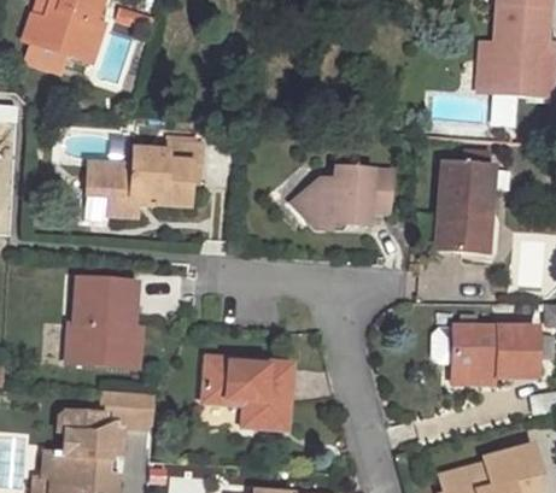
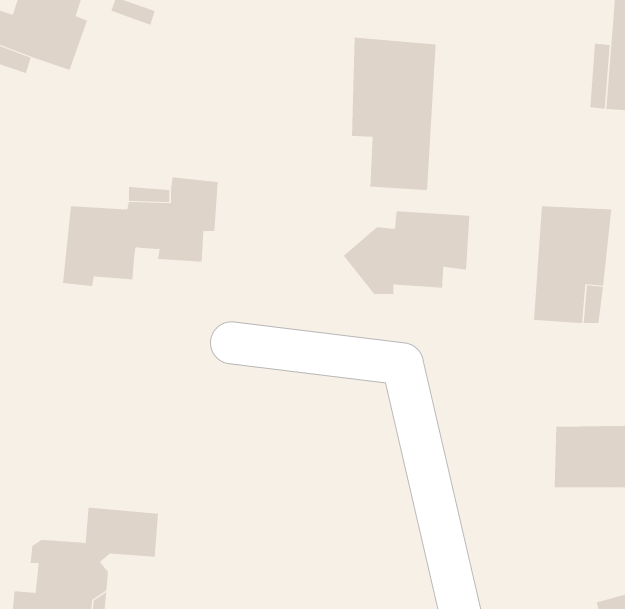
building: none -> [351,37,436,191]
building: [68,278,141,365] -> none
building: [204,358,292,425] -> none

